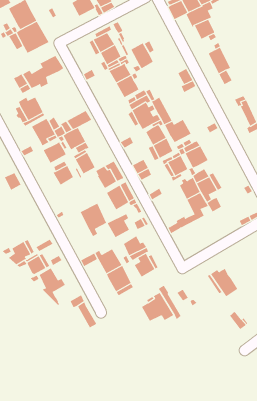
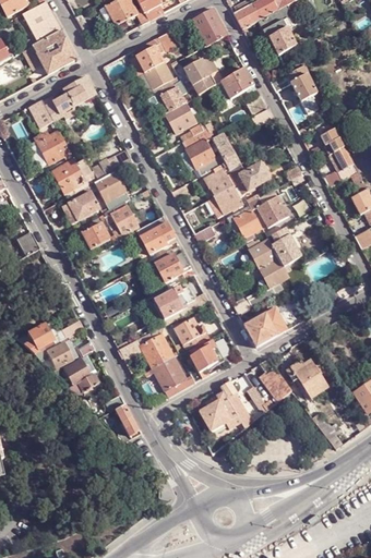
building: none -> [192,7,226,44]
building: none -> [215,66,254,100]
building: [80,203,107,237] -> none
building: none -> [243,306,286,345]
building: none -> [259,359,290,401]

